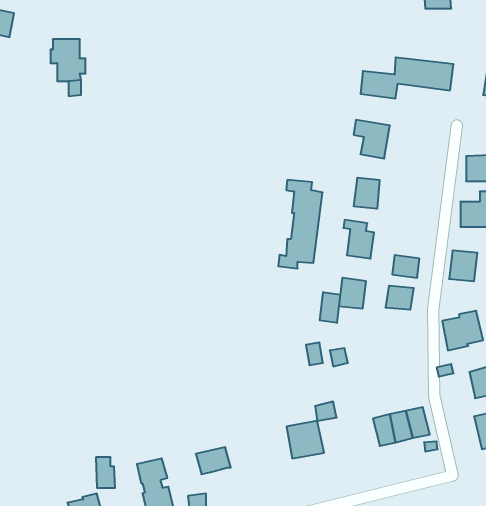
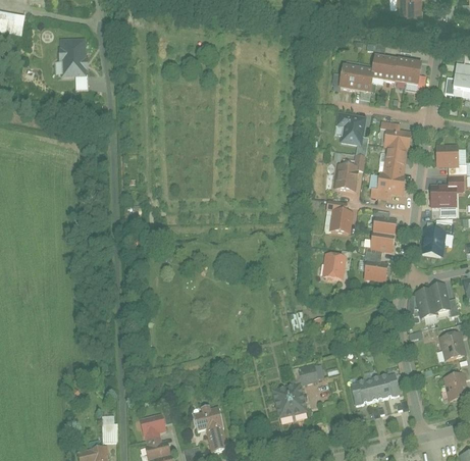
building: [278,180,323,269] -> [371,119,411,199]
building: none -> [371,216,396,236]
building: [320,292,340,323] -> none
building: none -> [206,423,227,451]

